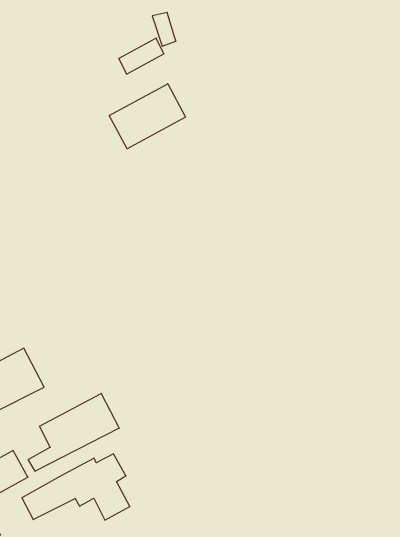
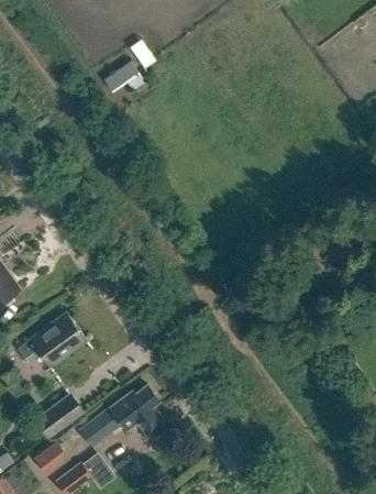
building: [109,84,186,149] -> none
building: [28,393,119,471] -> none

